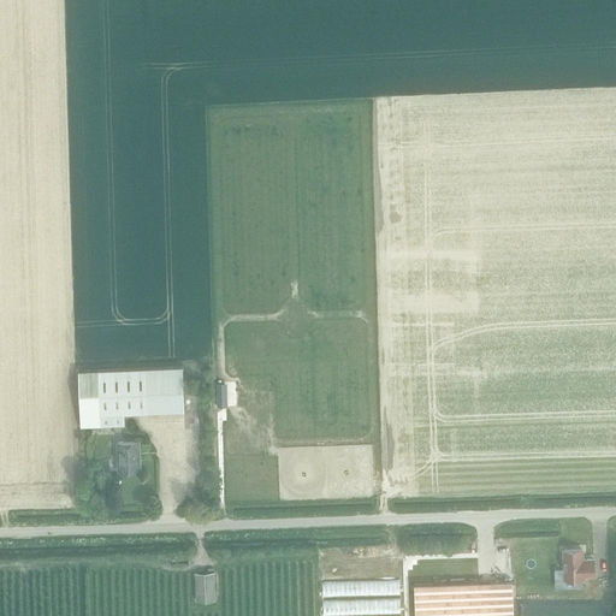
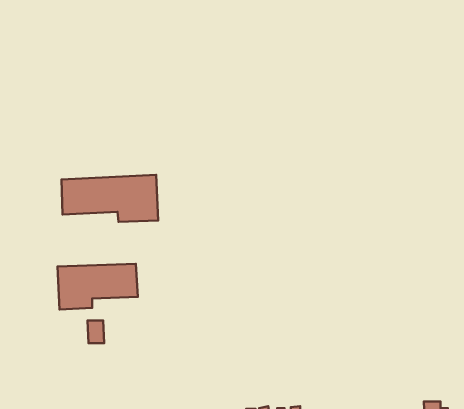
building: none -> [61,175,158,222]

